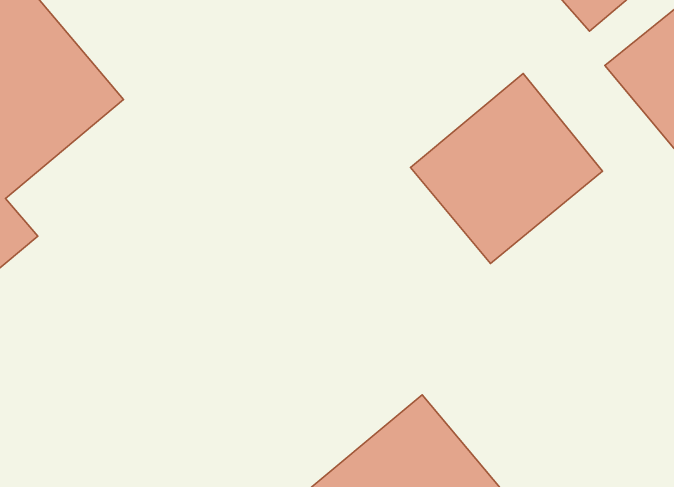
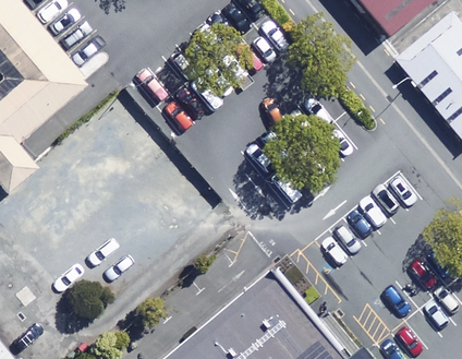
building: [410,74,602,264] -> none

